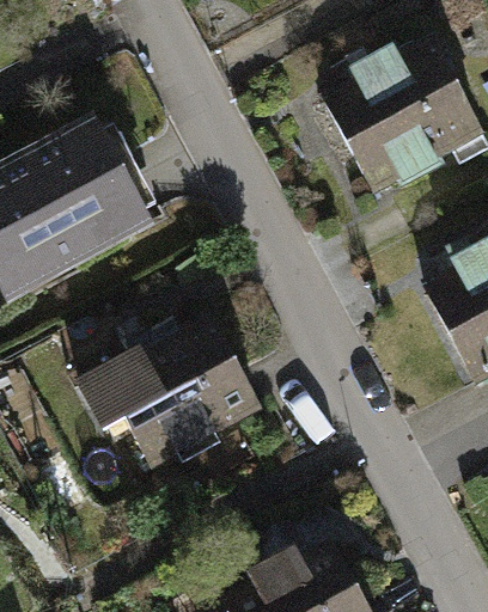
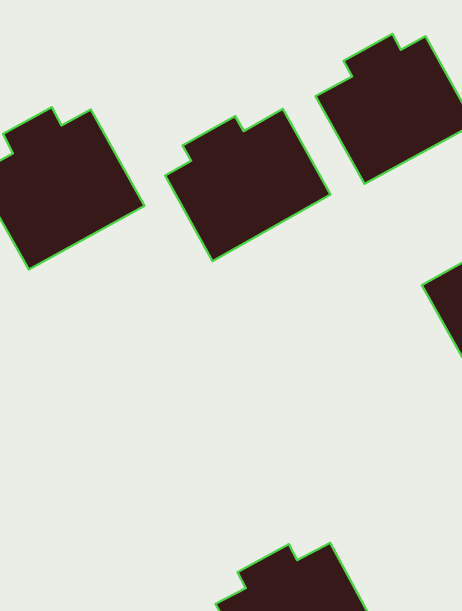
building: none -> [165,109,330,261]
building: [80,324,262,472] -> none

